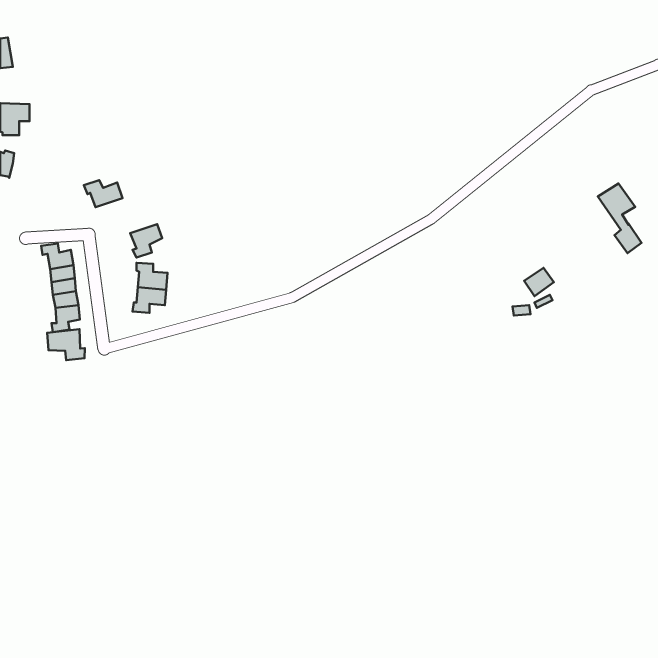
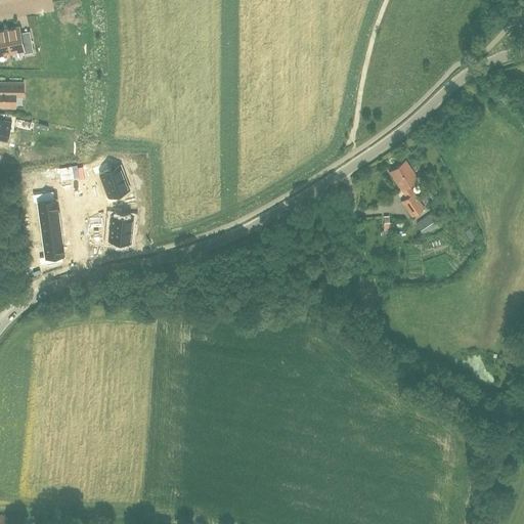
building: none -> [6,28,34,54]
building: [84,180,122,207] -> [94,164,125,185]
building: [598,184,642,253] -> [389,161,424,216]
building: [47,329,85,360] -> none

